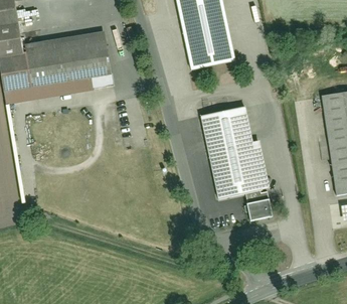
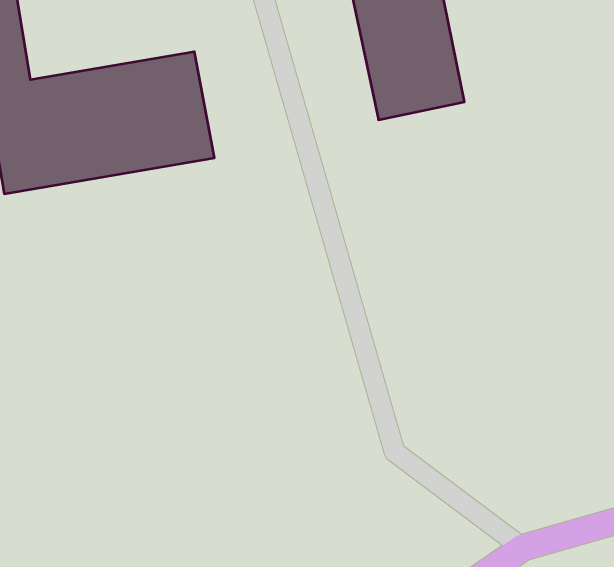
building: [204,105,273,195] -> none
building: [242,200,269,220] -> none

